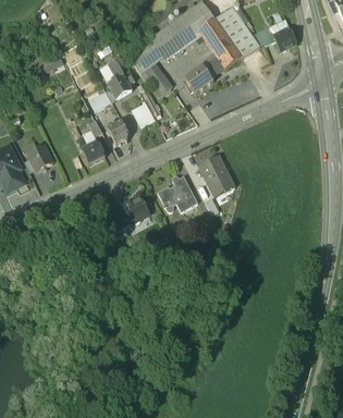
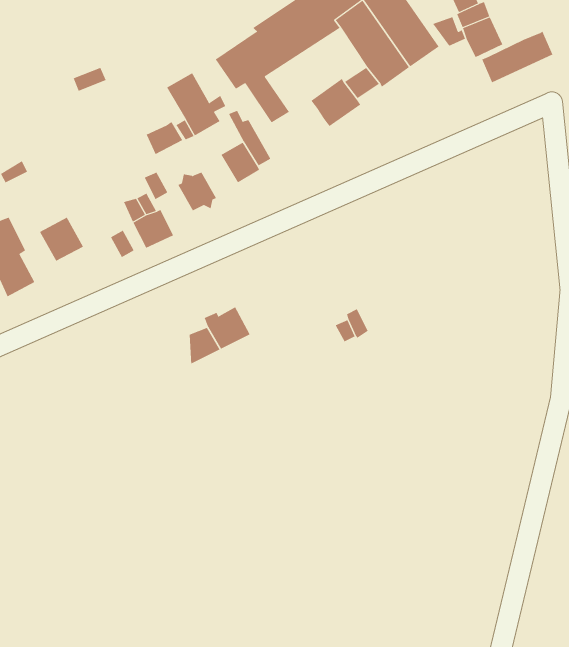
building: none -> [481,31,553,83]
building: [197,153,235,197] -> none
building: [157,175,197,211] -> none

